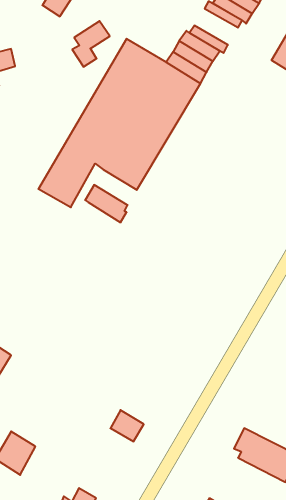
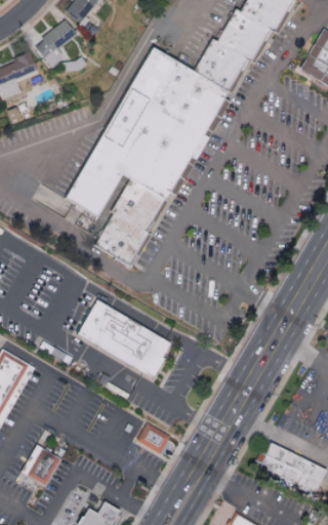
building: none -> [221,16,265,53]
building: [72,21,110,67] -> [41,22,79,68]
building: none -> [120,179,163,215]
building: none -> [93,212,149,268]
building: none -> [76,298,169,376]

